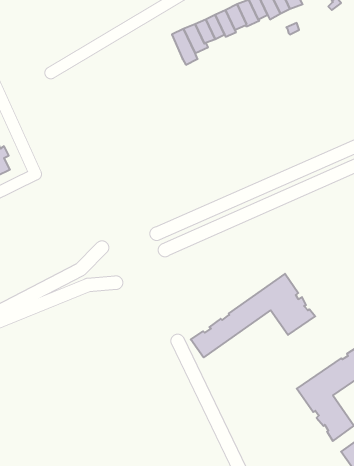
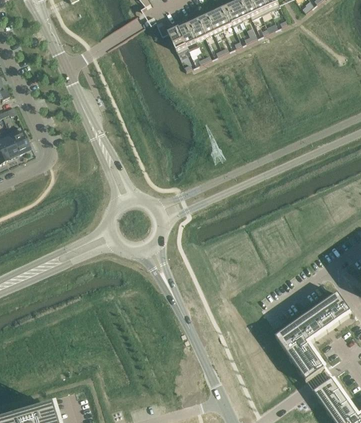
building: [191,274,315,357] -> none

